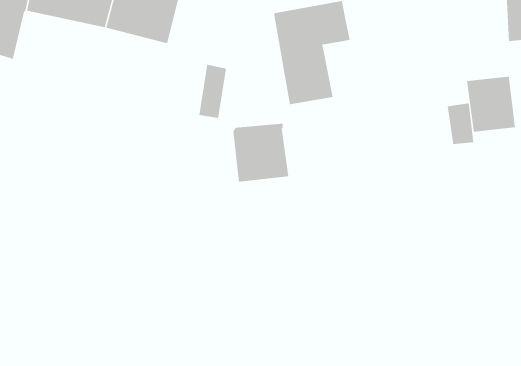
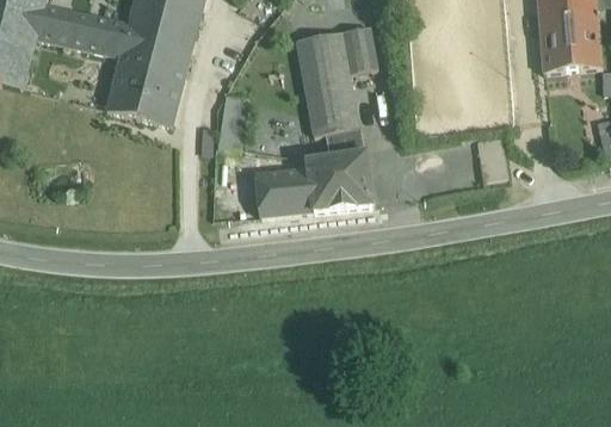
building: none -> [106,55,185,125]
building: [466,76,515,132] -> none
building: none -> [306,128,372,211]

